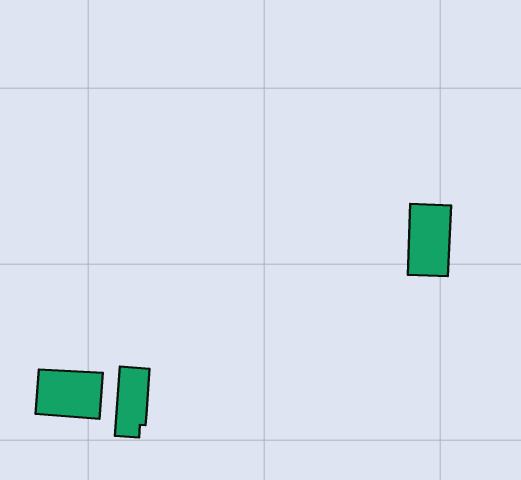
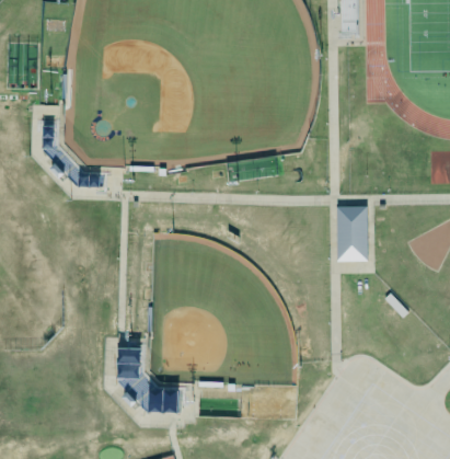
building: [36,369,103,419] -> none

